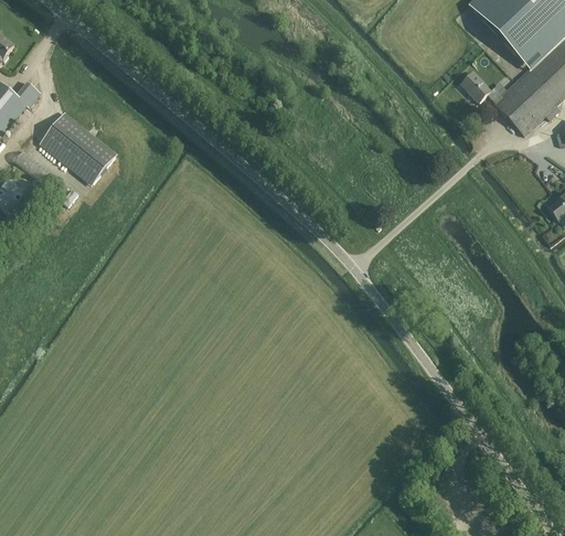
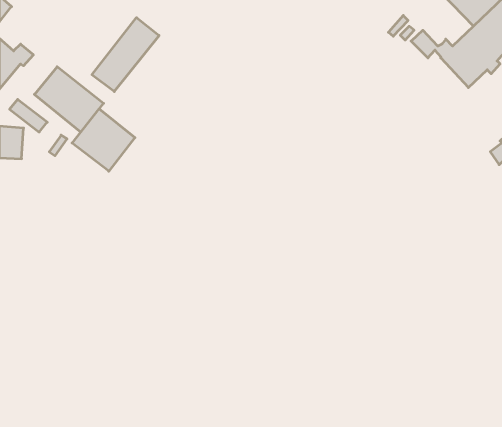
building: none -> [92,18,159,92]
building: none -> [72,109,135,171]

